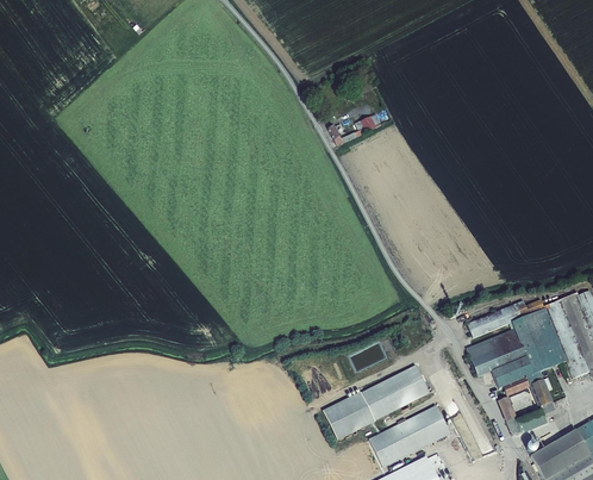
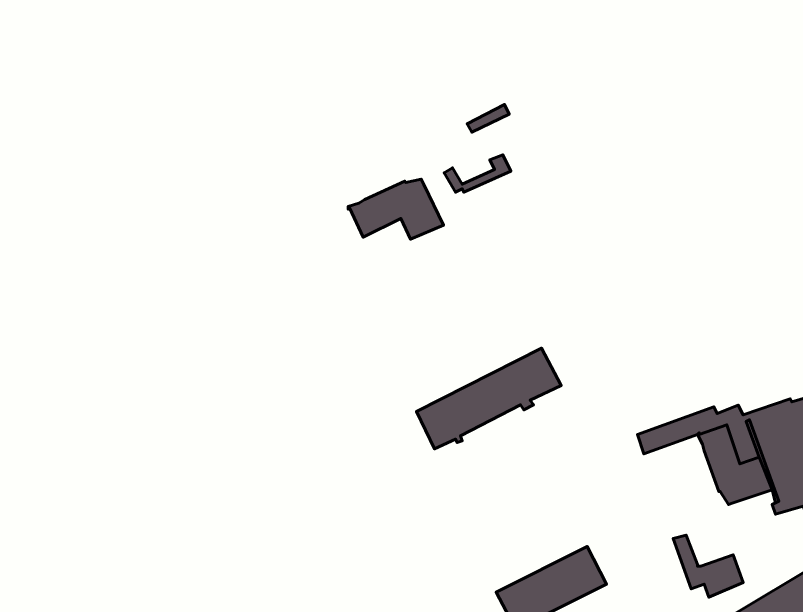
building: none -> [348,179,444,239]
building: [469,329,553,405] -> none
building: [323,363,429,437] -> [417,348,561,449]

